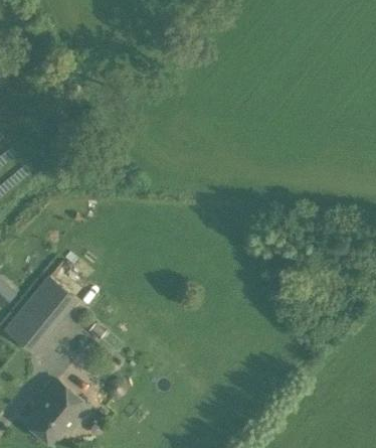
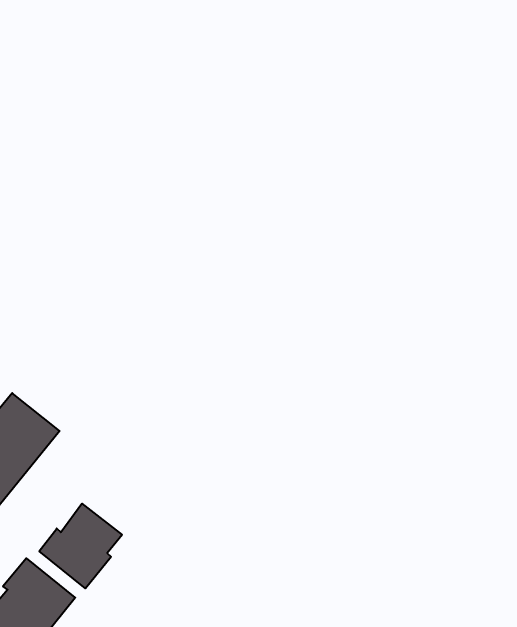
building: none -> [39,504,122,588]

